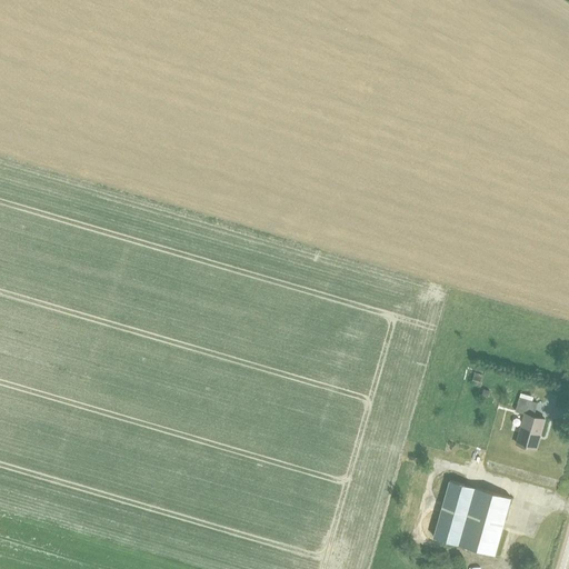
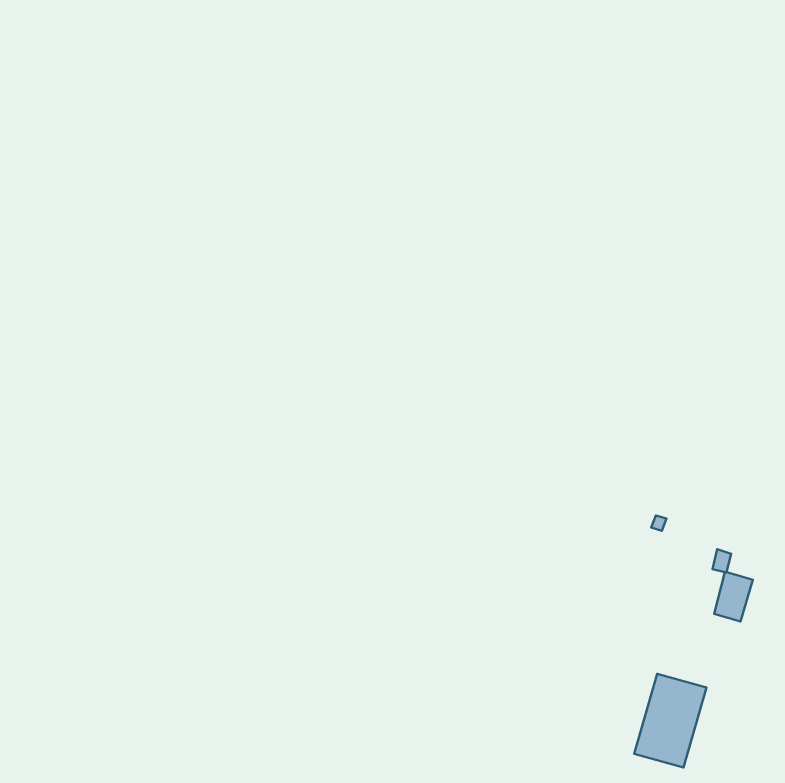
building: [432,482,475,547] -> none

